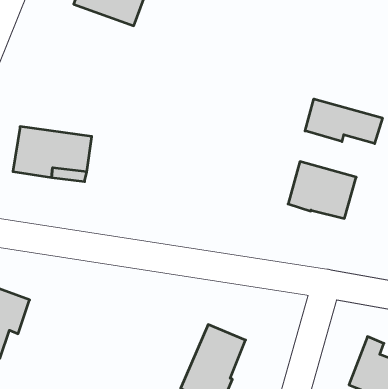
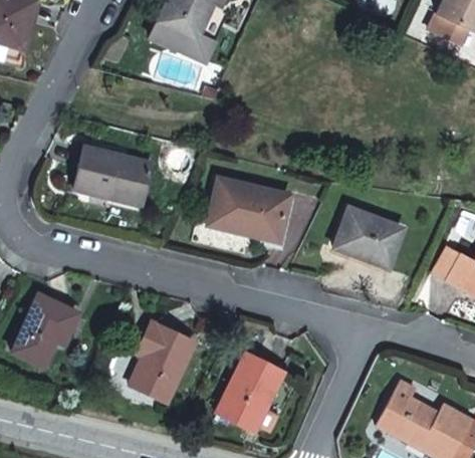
building: [305,99,382,144] -> none
building: none -> [211,181,289,241]
building: none -> [132,322,197,404]

